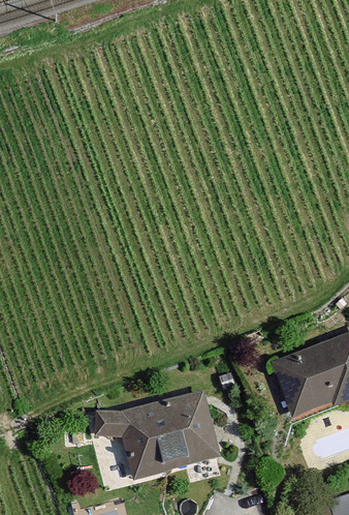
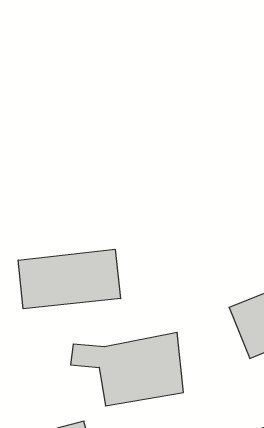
building: none -> [18,249,121,309]

